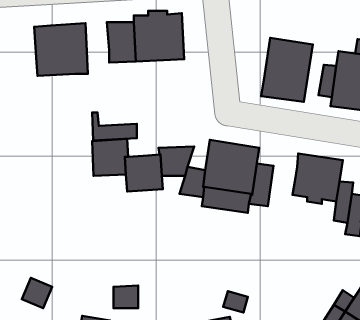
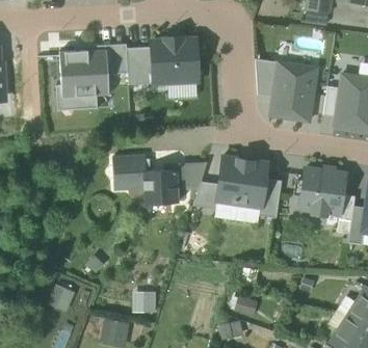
building: none -> [107,47,129,74]
building: none -> [256,58,279,97]
building: [92,112,137,141] -> [56,84,98,110]

